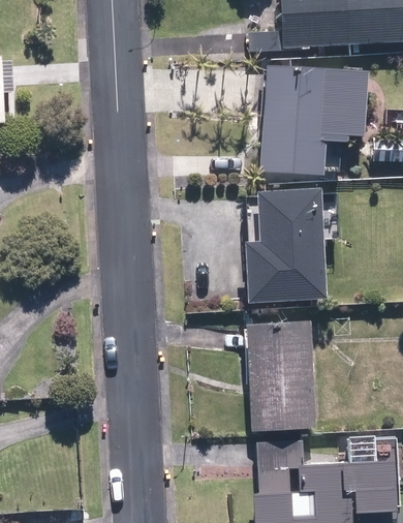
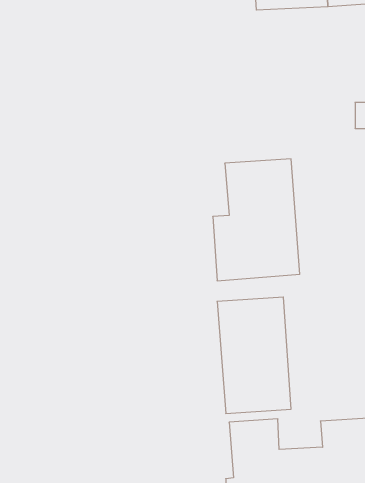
building: [268,66,372,174] -> none

